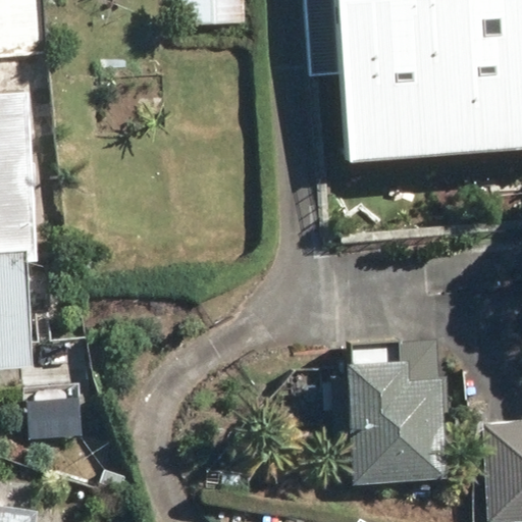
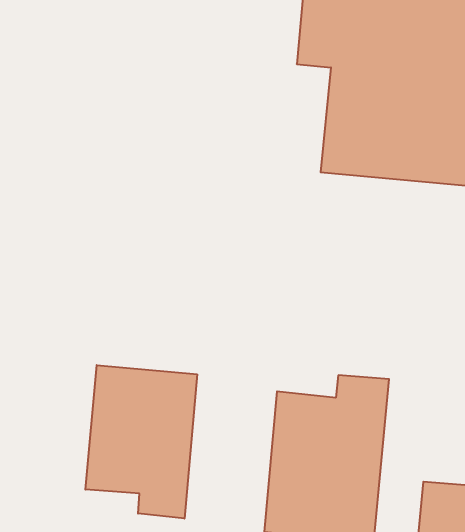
building: none -> [85,365,197,519]

